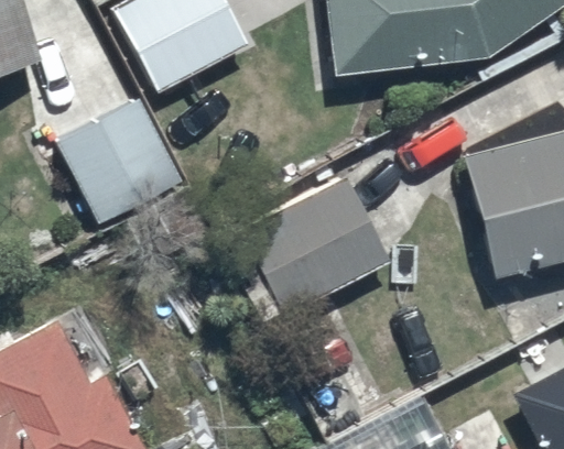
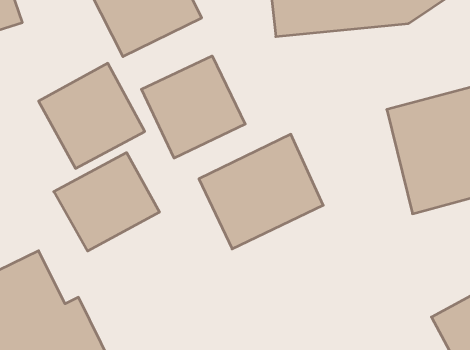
building: none -> [141,56,245,158]
building: none -> [54,153,159,251]

